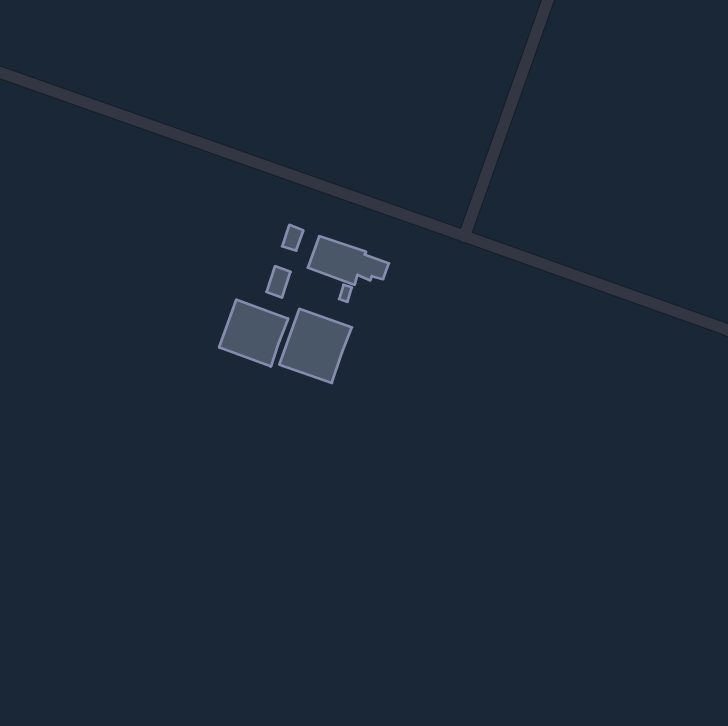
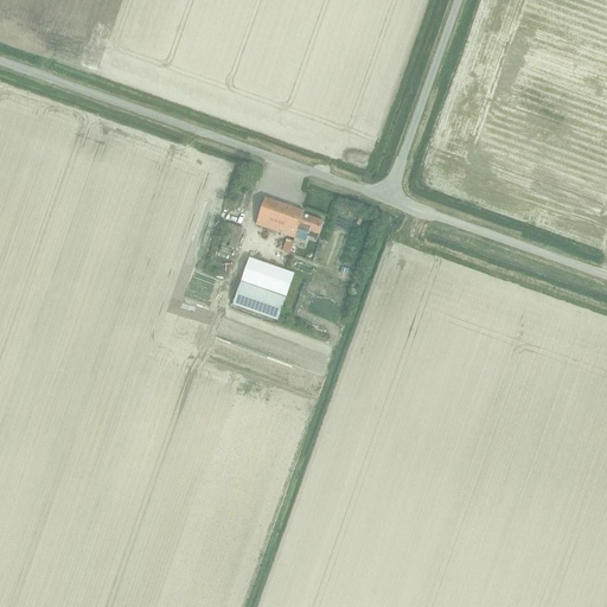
building: [219,300,288,367] -> none

